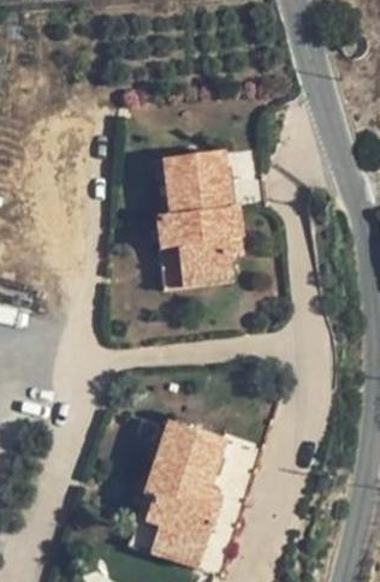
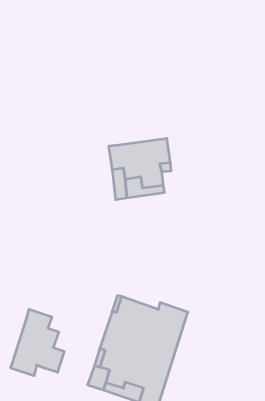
building: [161,149,228,213] -> none
building: none -> [11,309,64,376]

